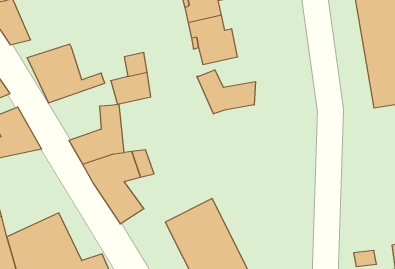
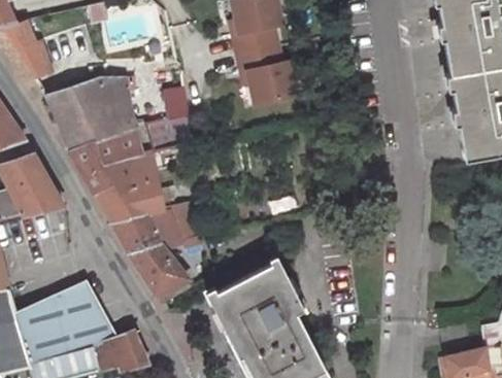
building: none -> [98,79,134,122]
building: [197,70,256,114] -> none
building: none -> [70,126,145,195]

